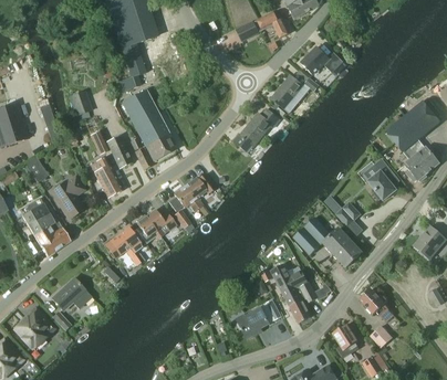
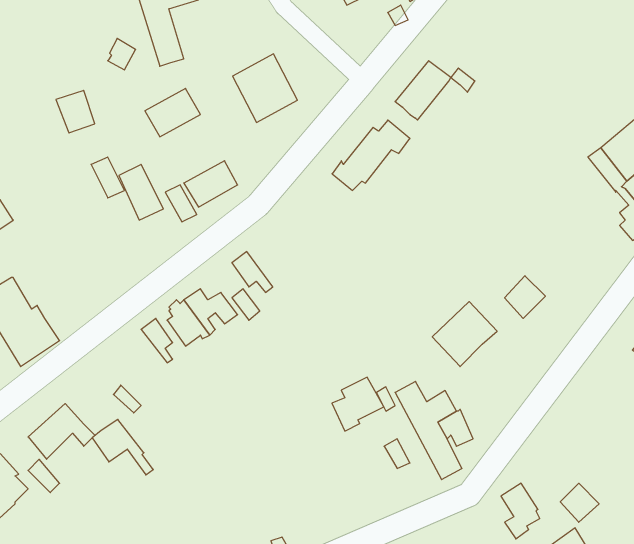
building: [300,45,343,74] -> none
building: [131,105,169,146] -> [233,54,297,122]
building: [94,157,123,197] -> none
building: [368,158,399,200] -> none
building: [183,172,216,215] -> none
building: [51,176,85,219] -> none
building: [323,228,362,267] -> none
building: [104,233,141,266] -> [92,419,153,475]
building: [360,287,394,321] -> none
building: [239,306,270,338] -> [332,377,384,431]

